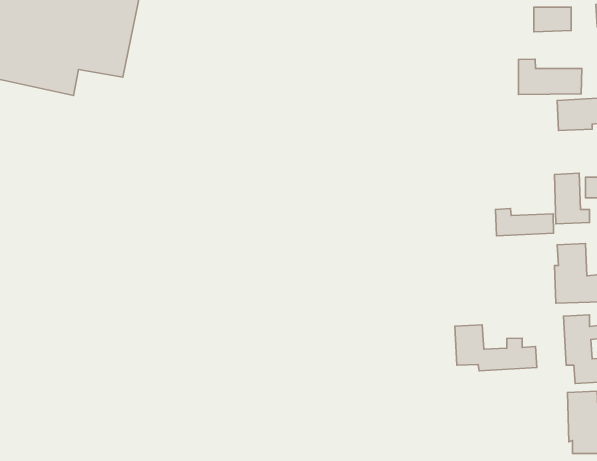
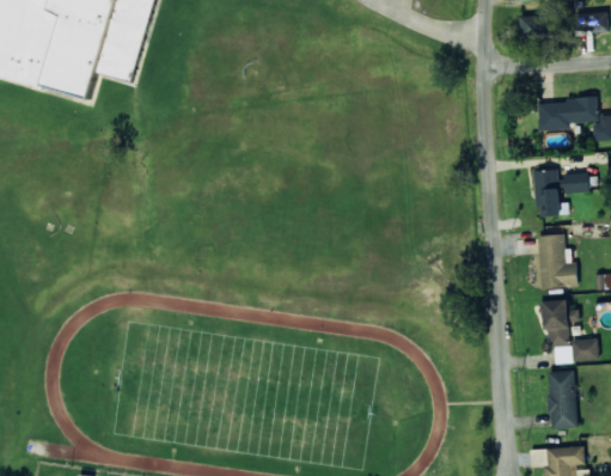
building: [519,59,582,95] -> none
building: [495,209,554,236] -> none
building: [455,325,537,371] -> none

